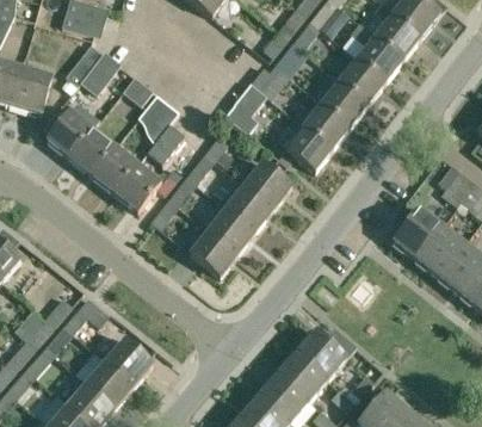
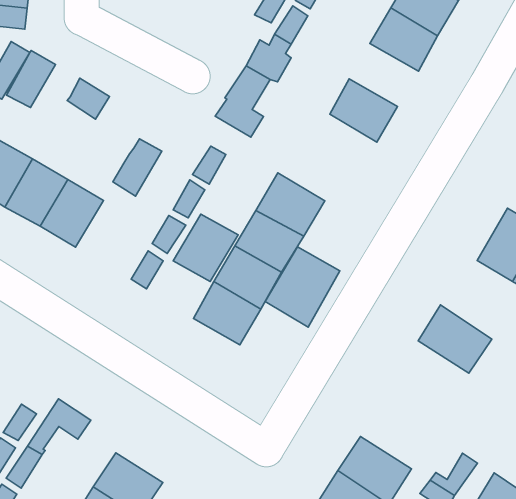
building: [321,79,370,125] -> none
building: [138,93,179,132] -> none
building: [285,124,334,171] -> none
building: [115,162,162,210] -> [173,214,238,282]
building: none -> [265,247,340,327]
building: [295,328,346,378] -> [418,305,492,373]

